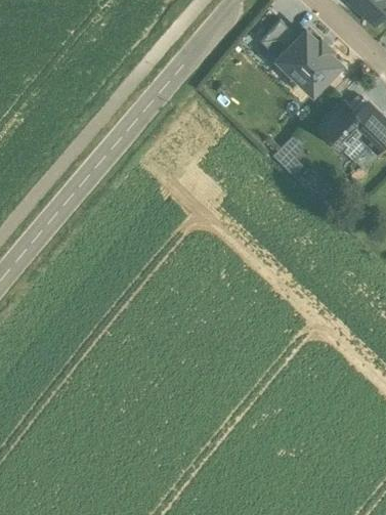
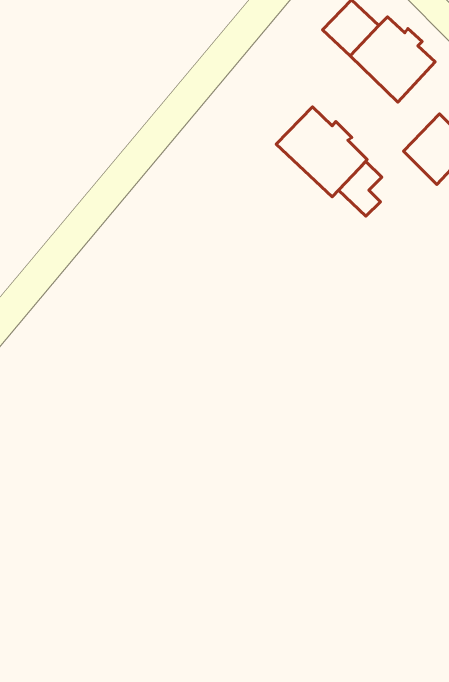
building: none -> [276,107,367,197]

